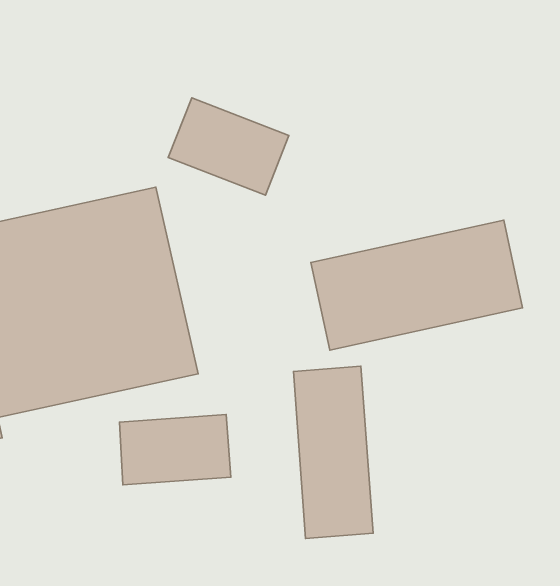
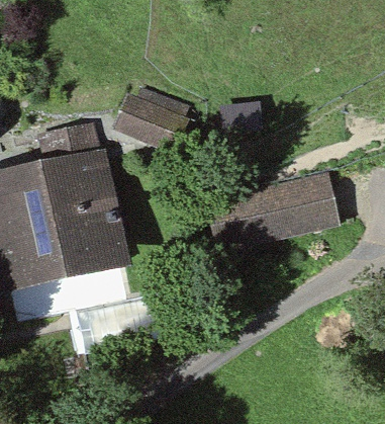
building: [293,366,373,539] -> none

